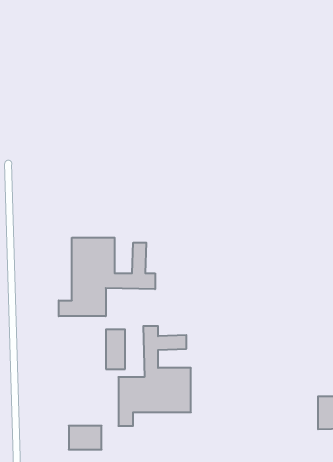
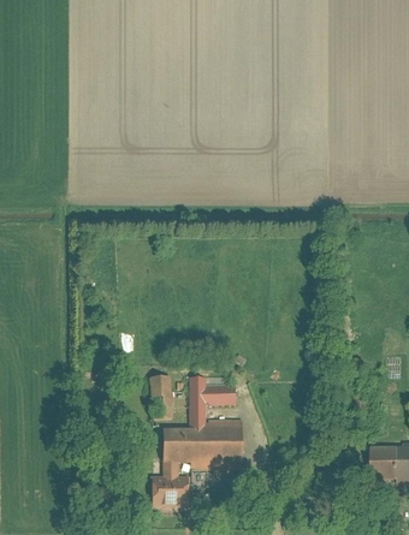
building: [59,238,155,316] -> none
building: [69,426,102,450] -> [155,481,190,506]

